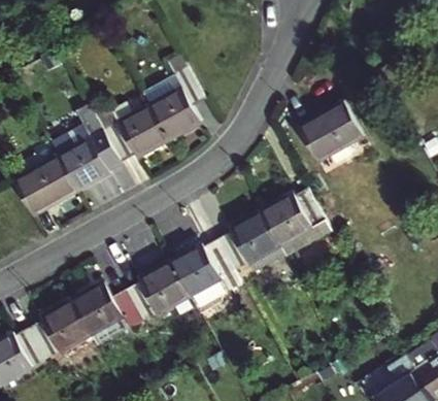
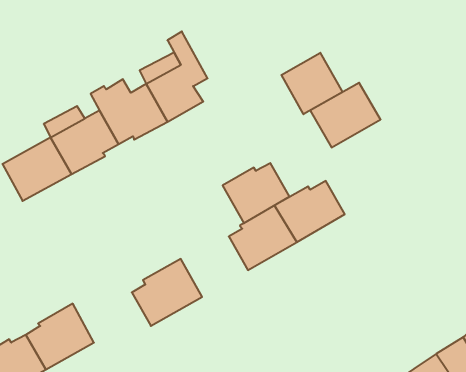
building: none -> [281,53,342,114]
building: [174,242,236,298] -> [223,163,289,223]
building: [74,287,146,340] -> none

